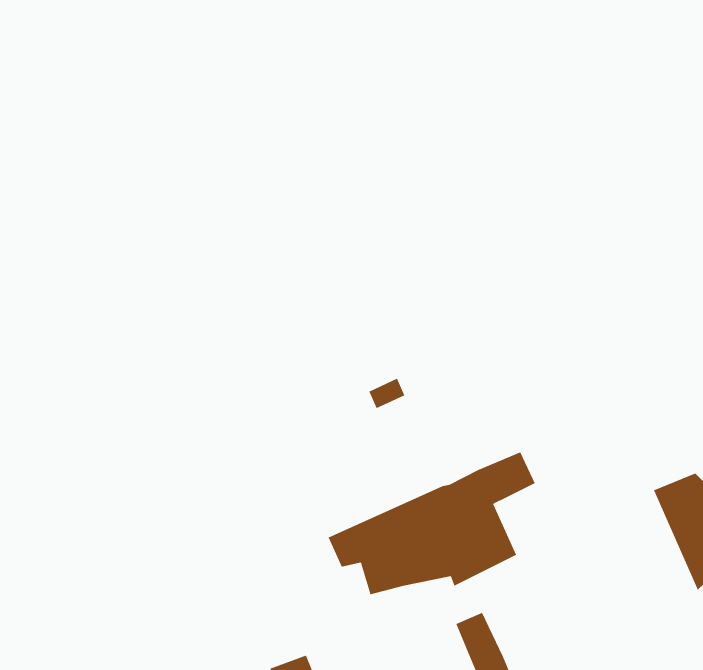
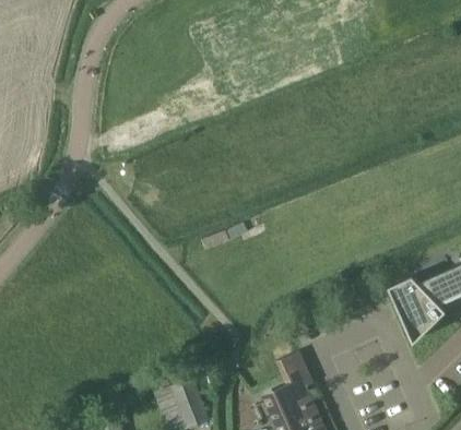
building: [328,452,536,595] -> none

